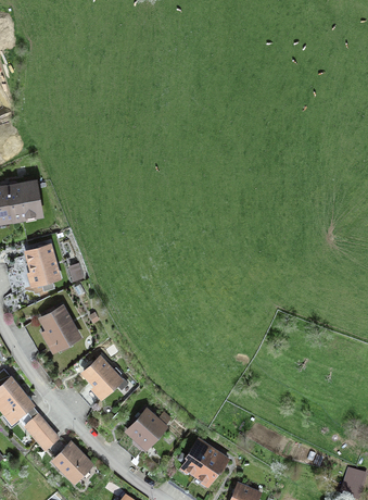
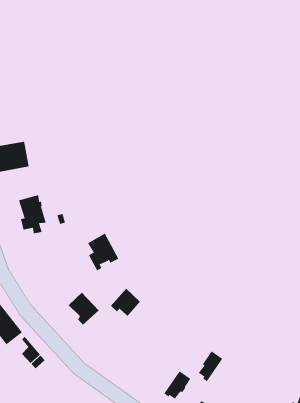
building: [41,307,78,351] -> [87,233,119,271]
building: [128,410,164,443] -> [110,288,141,317]
building: [183,439,213,476] -> [198,350,223,382]
building: [55,443,90,482] -> none

